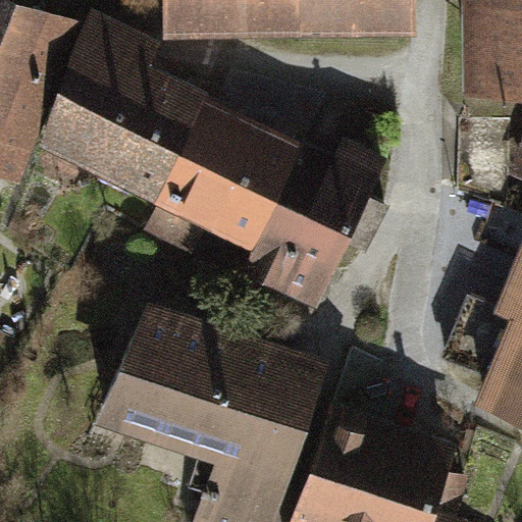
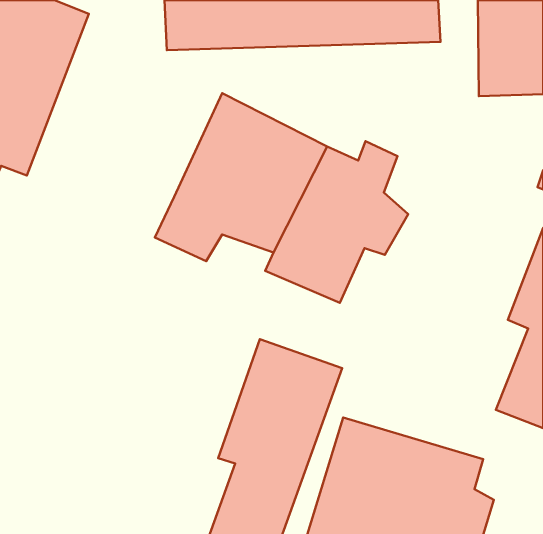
building: [49,36,211,200] -> none
building: [114,303,248,449] -> none

